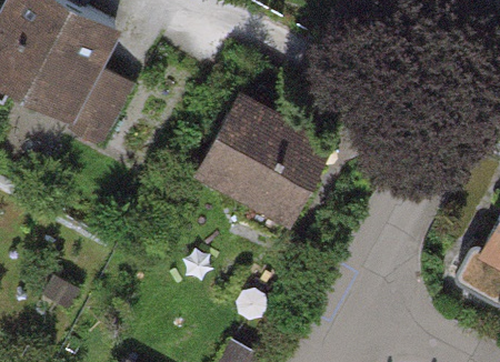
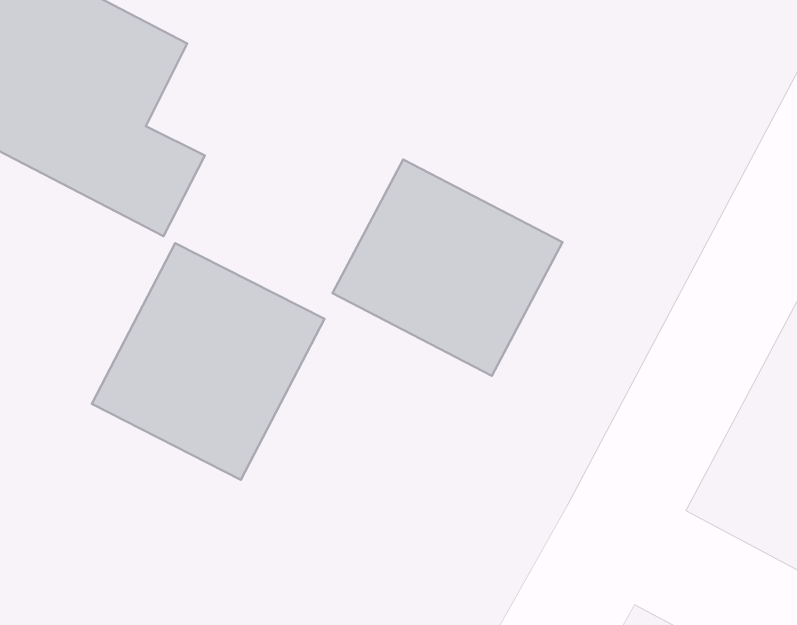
building: none -> [92,243,324,480]

